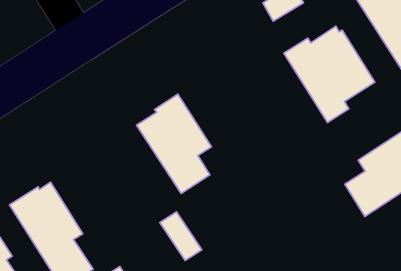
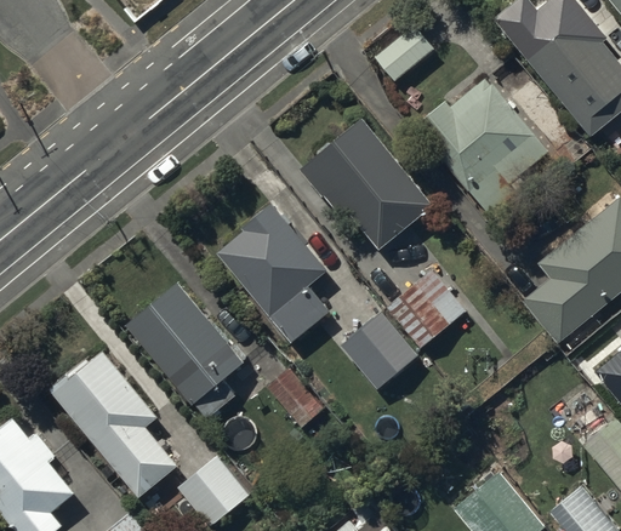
building: none -> [298,119,433,250]
building: none -> [126,284,243,421]
building: none -> [386,272,465,349]
building: none -> [340,312,418,390]

